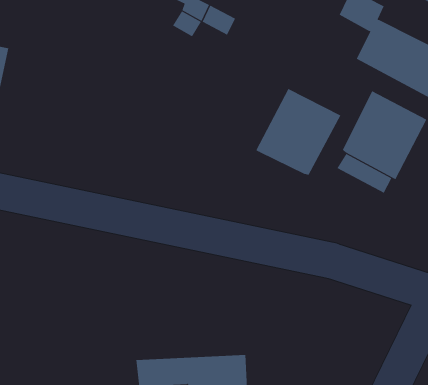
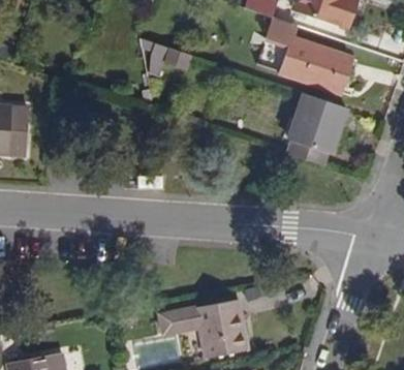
building: [256,88,341,176] -> none

